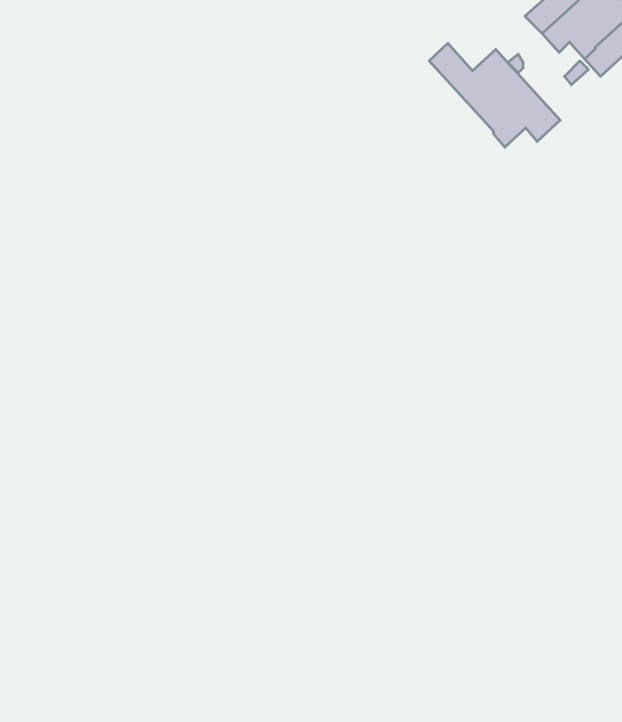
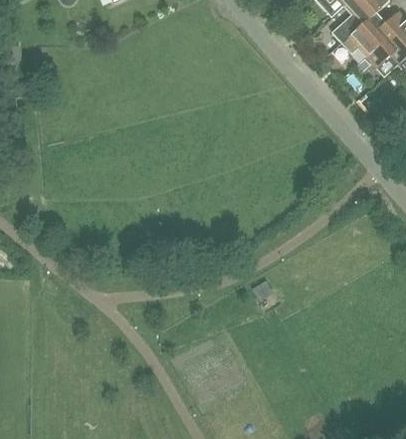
building: [429,43,560,147] -> none

